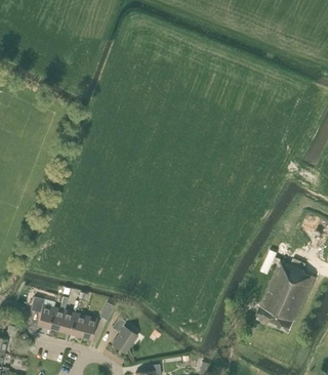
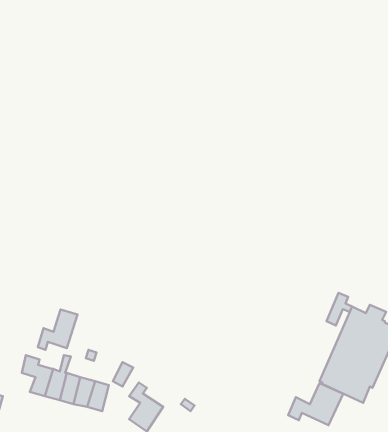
building: none -> [38,309,78,350]
building: none -> [288,383,343,425]

